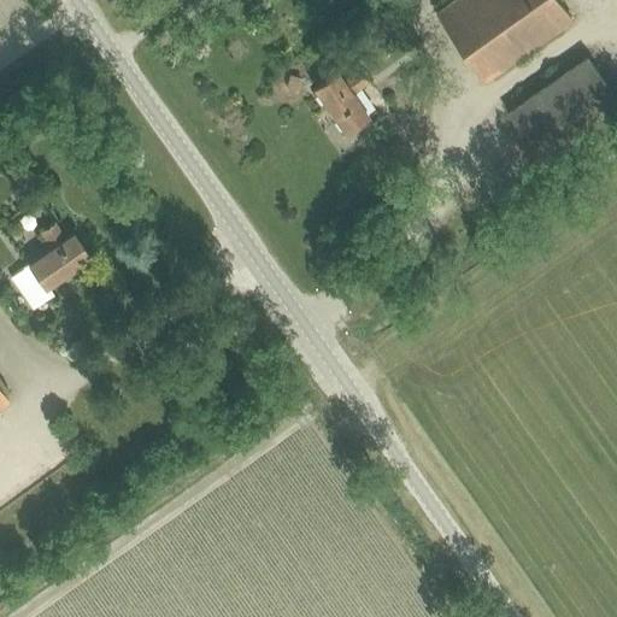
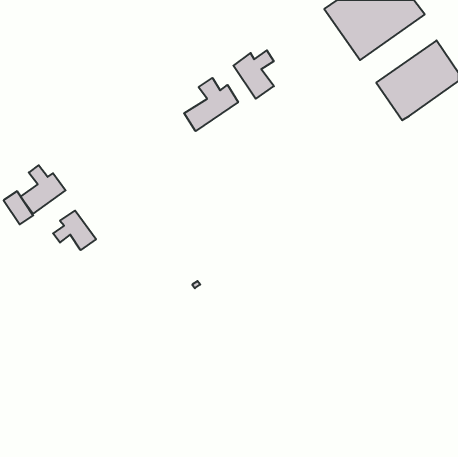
building: none -> [184,78,238,131]
building: none -> [53,211,96,250]

